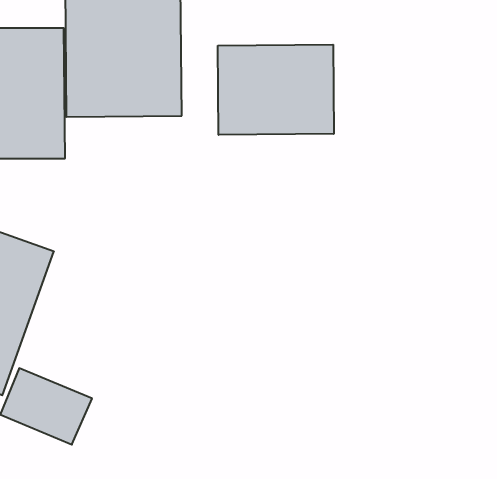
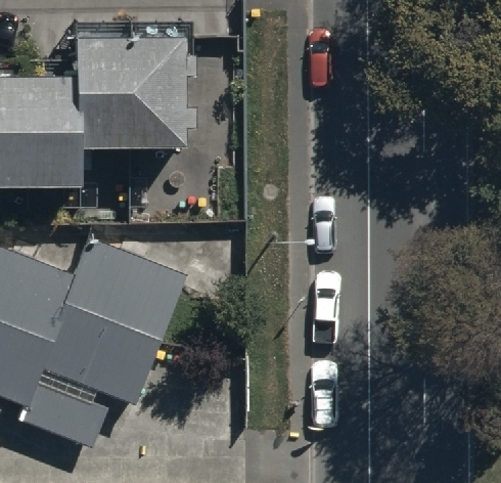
building: [218,45,334,135] -> none
building: none -> [45,240,183,404]

